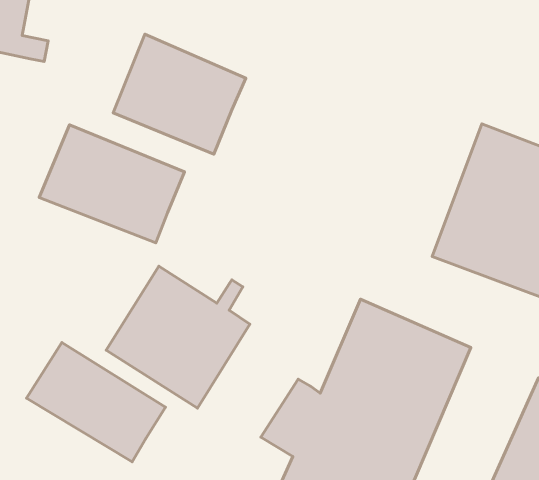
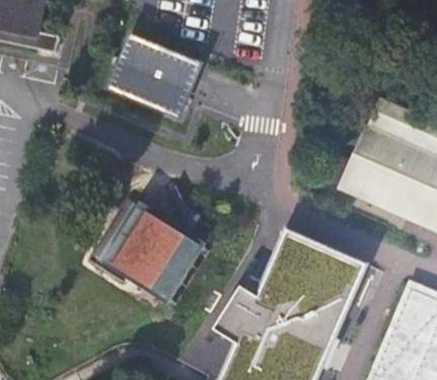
building: [39,125,185,243] -> none
building: [26,342,166,462] -> none

